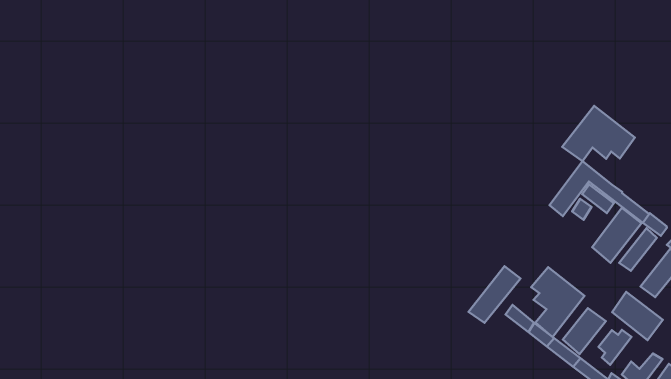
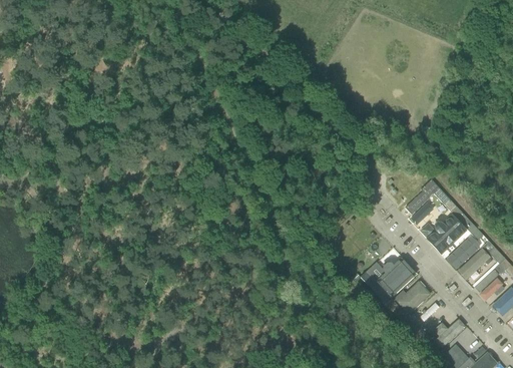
building: [562,106,635,161] -> none
building: [469,266,520,323] -> none
building: [612,292,663,340] -> none

